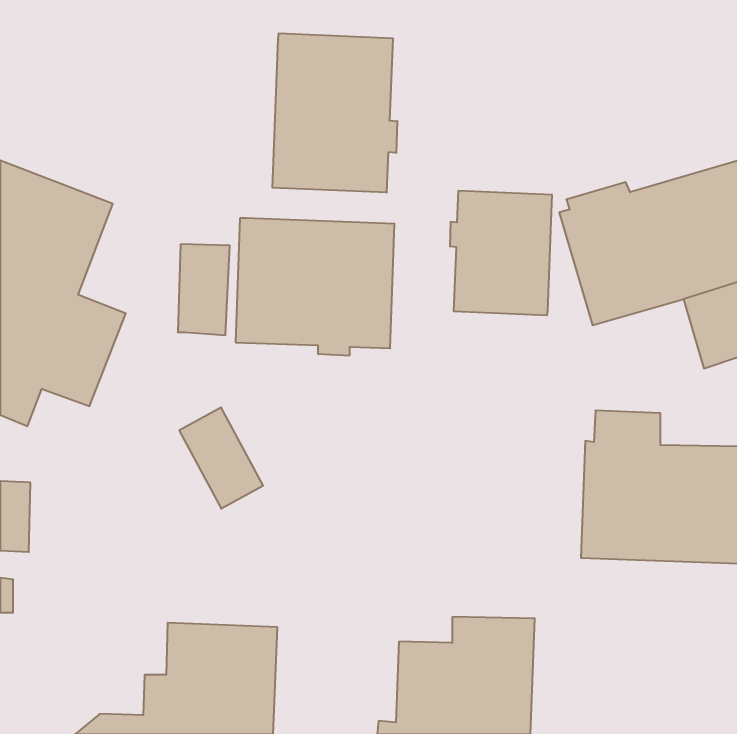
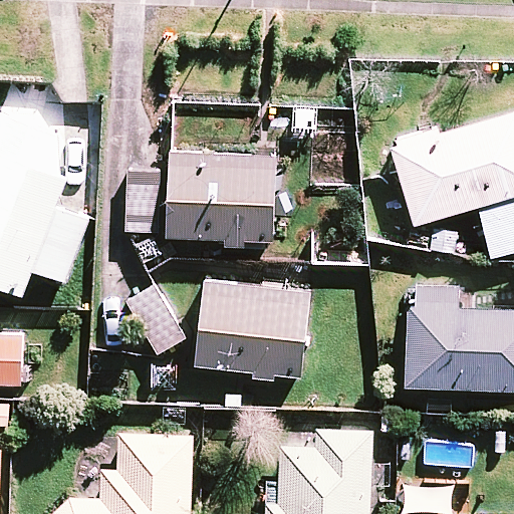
building: [273,33,397,193] -> none
building: [450,191,552,315] -> none
building: none -> [195,282,309,379]

